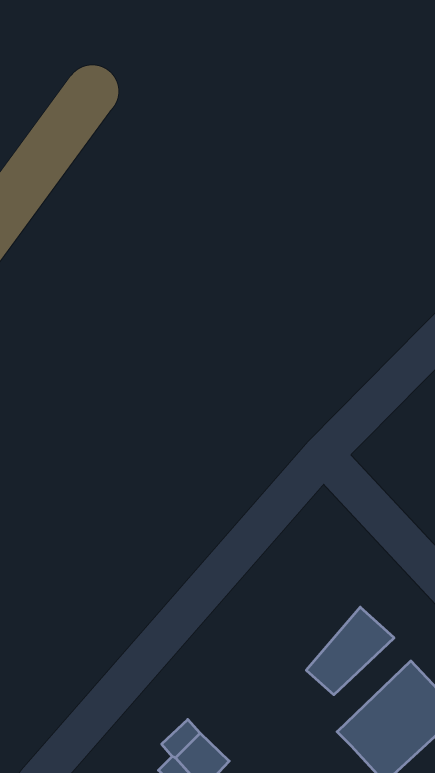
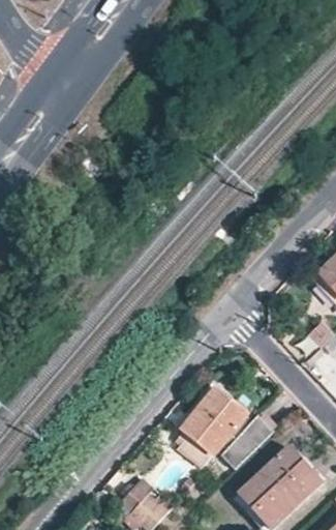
building: none -> [181,387,245,452]

